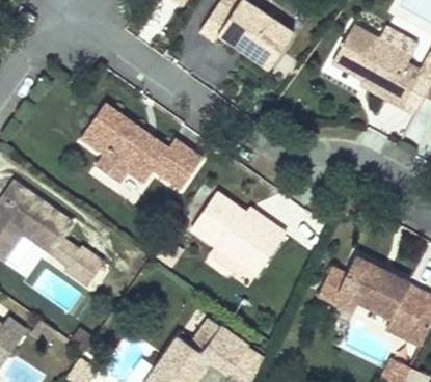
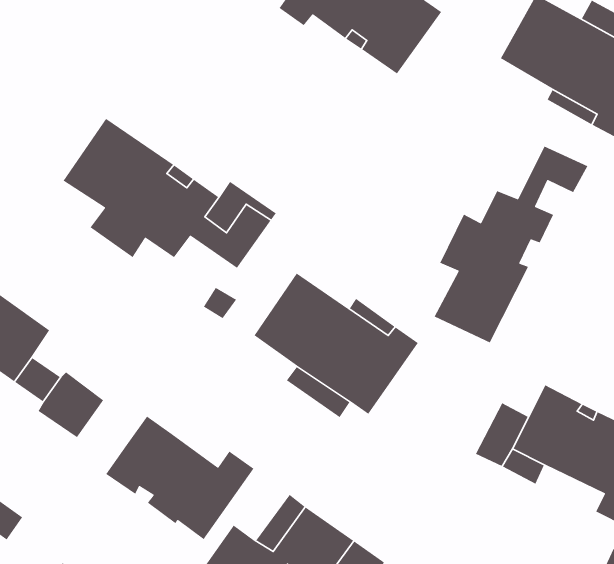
building: none -> [434,145,588,344]
building: none -> [105,416,255,540]

